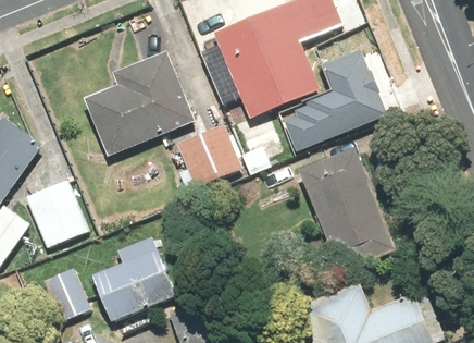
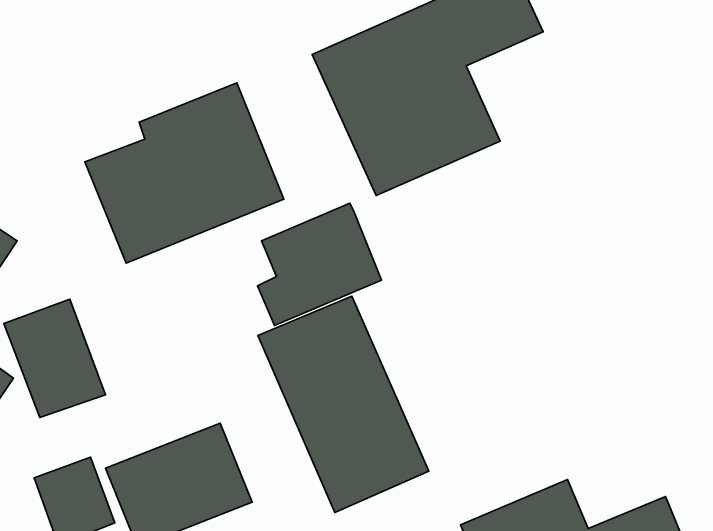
building: [286,46,383,144] -> none
building: [297,148,396,273] -> [258,296,429,512]

